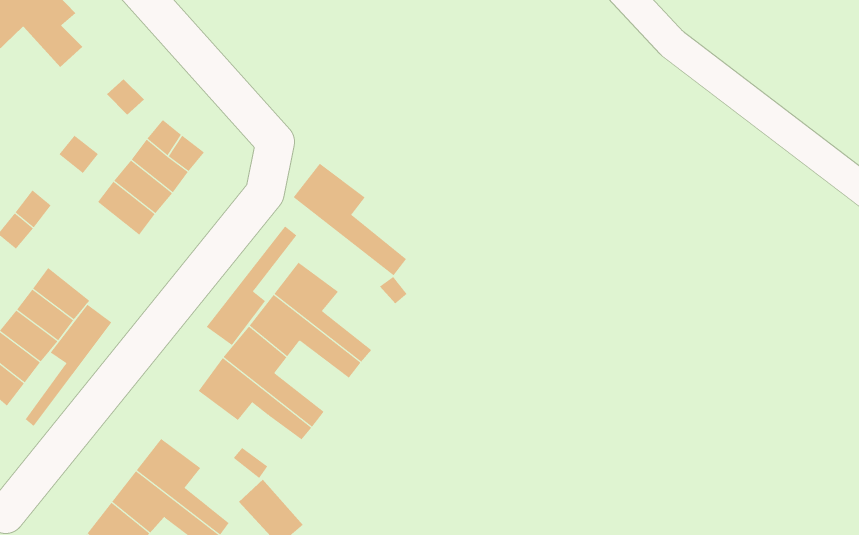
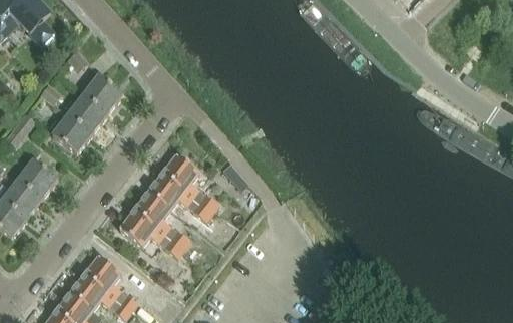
building: [293,163,407,276] -> none
building: none -> [52,121,86,153]
building: [206,226,297,346] -> none
building: [25,304,112,427] -> none

